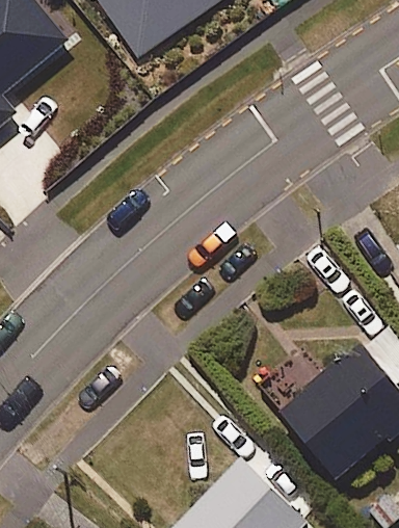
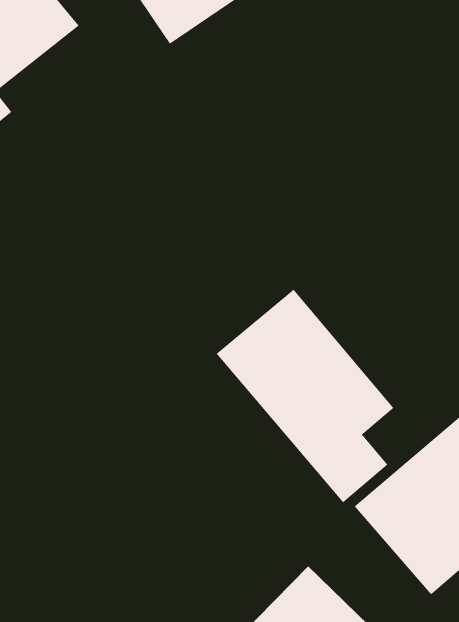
building: none -> [216,289,394,503]

